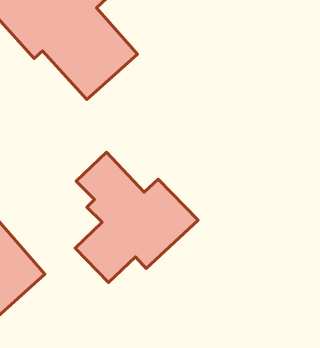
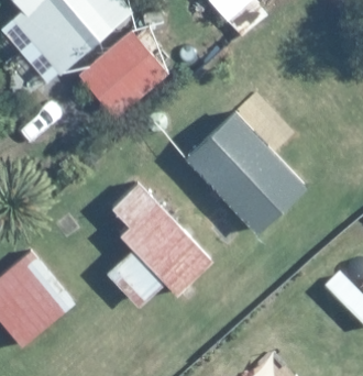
building: none -> [185,120,304,232]

